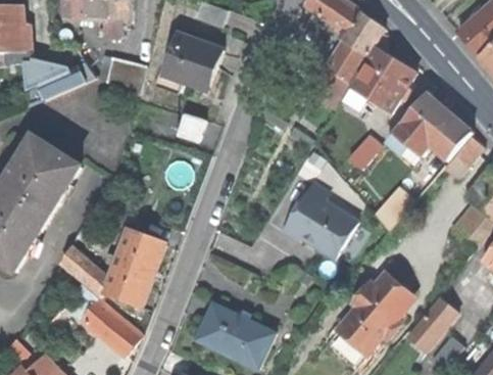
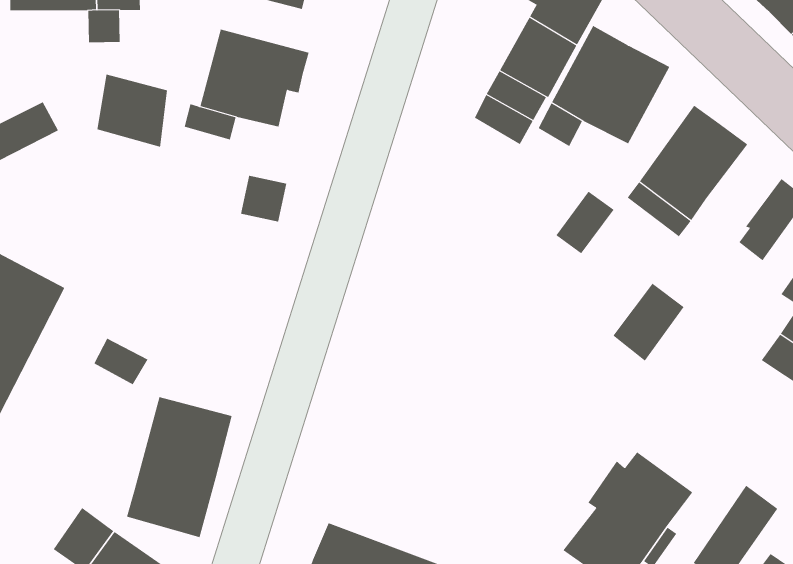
building: [430,116,473,160] -> none
building: [282,182,357,259] -> none
building: [60,245,110,296] -> none

